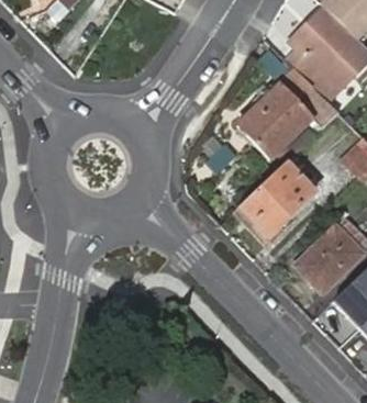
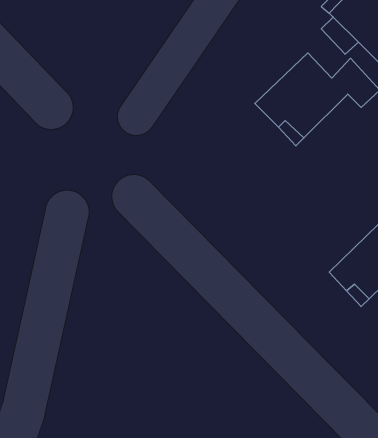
building: [237,164,312,238] -> none

